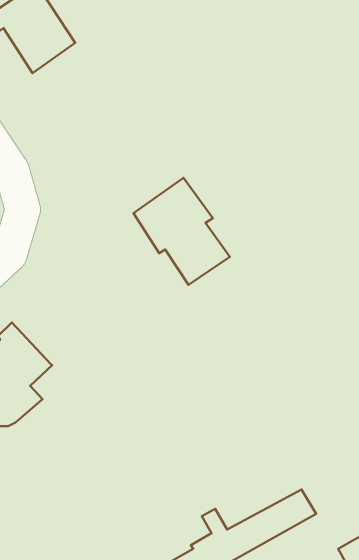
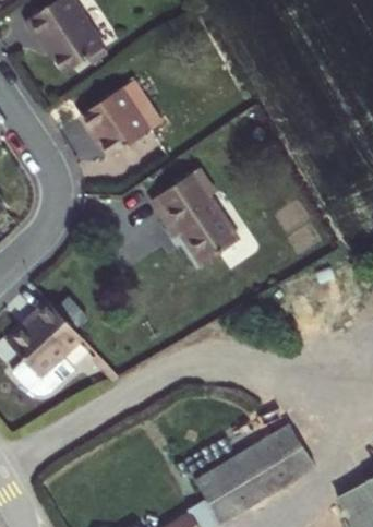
building: none -> [81,88,148,155]
building: none -> [227,426,304,481]

